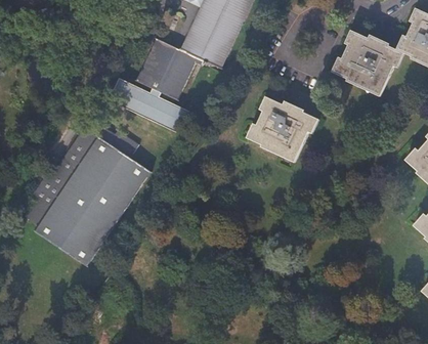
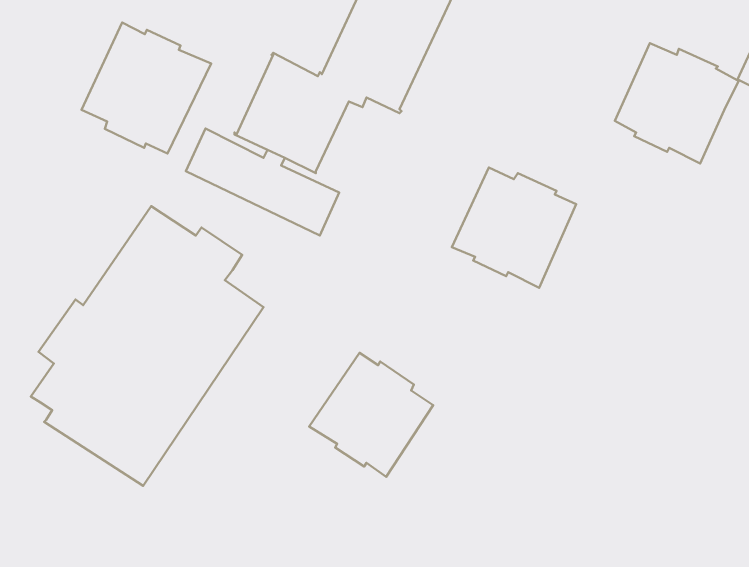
building: none -> [81,23,211,154]
building: none -> [309,353,433,477]

